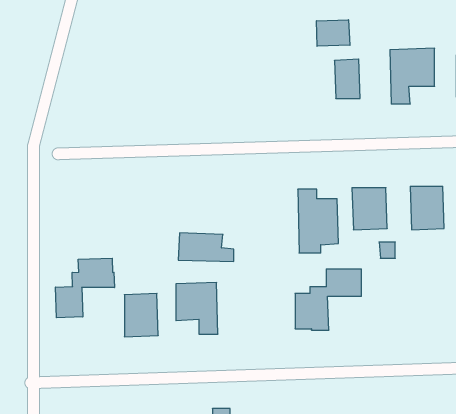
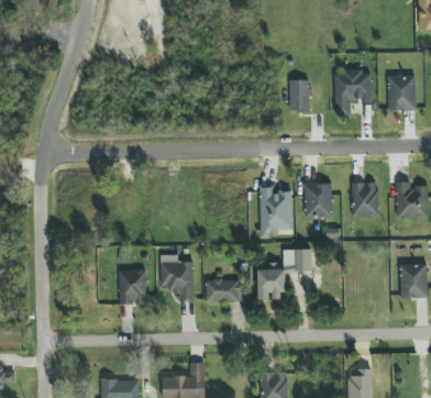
building: [317,20,350,46] -> none
building: [178,233,234,261] -> [205,279,250,302]
building: [56,258,114,318] -> none

